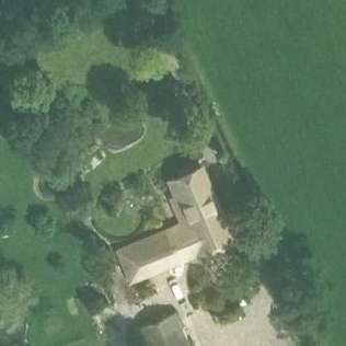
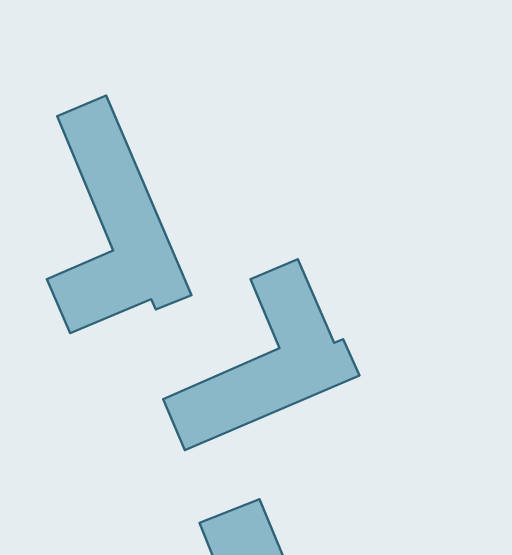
building: none -> [47,95,192,333]

